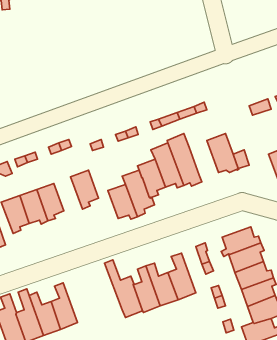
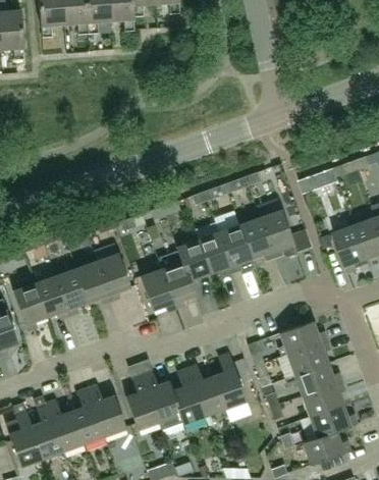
building: none -> [238,217,274,259]
building: none -> [75,261,110,303]
building: none -> [125,365,158,429]
building: none -> [87,385,125,436]

